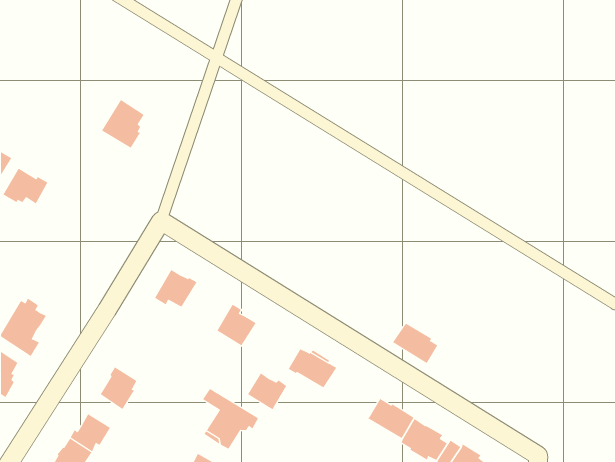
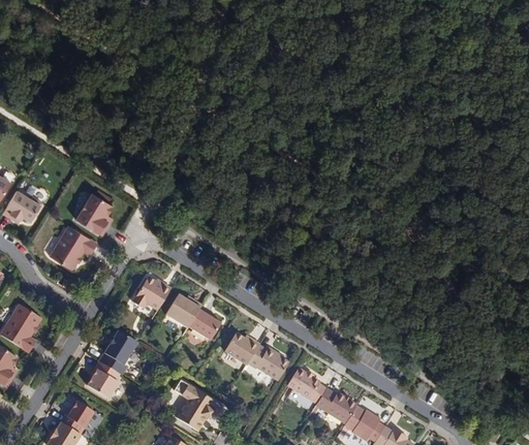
building: [101,99,145,149] -> [75,193,113,235]
building: none -> [50,226,96,271]
building: none -> [162,293,201,331]
building: [392,323,438,364] -> [286,370,325,405]
building: none -> [98,330,134,375]
building: [247,372,287,410] -> [224,332,258,364]

